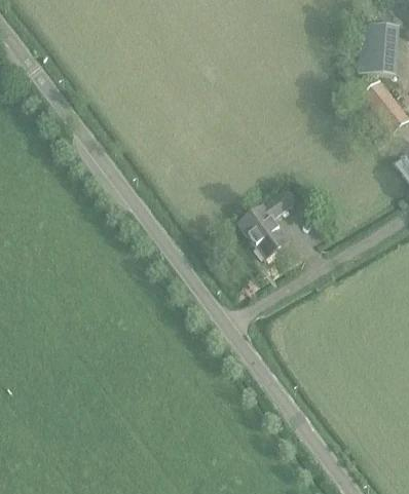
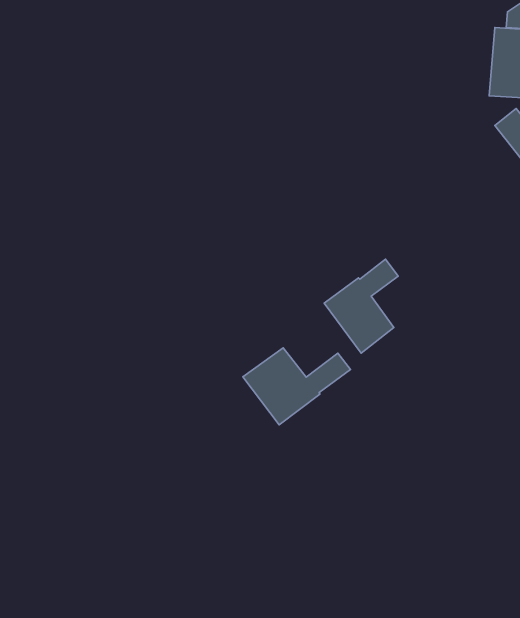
building: none -> [243,348,350,425]

